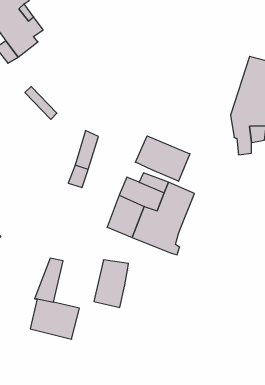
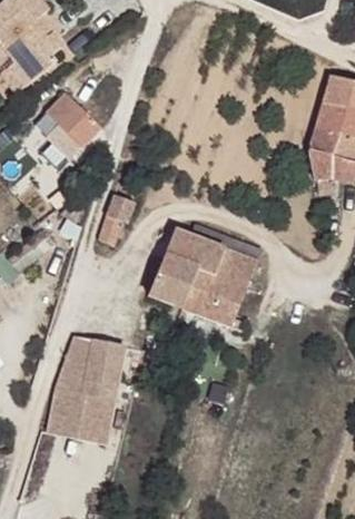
building: none -> [50,98,103,150]
building: [135,136,190,181] -> none
building: [94,260,128,307] -> [79,341,124,402]

